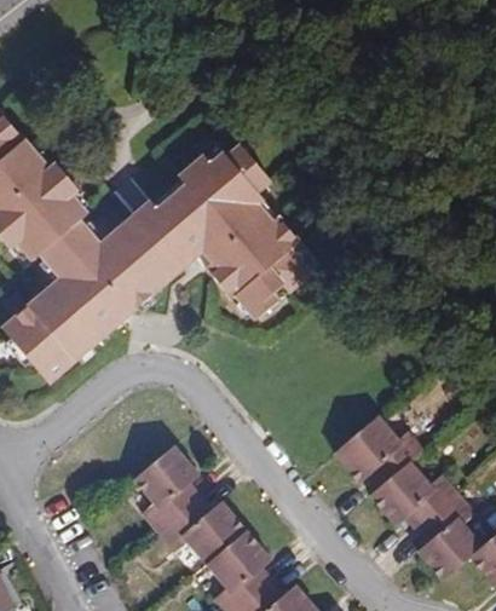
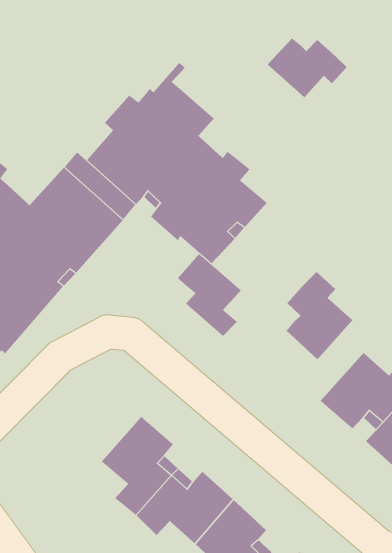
building: none -> [267,38,347,98]
building: none -> [177,253,242,337]
building: none -> [286,271,353,360]

